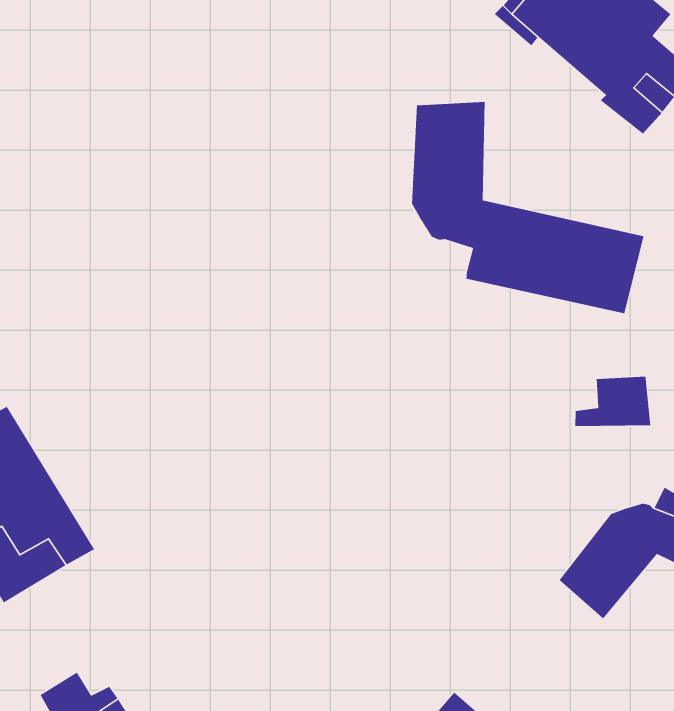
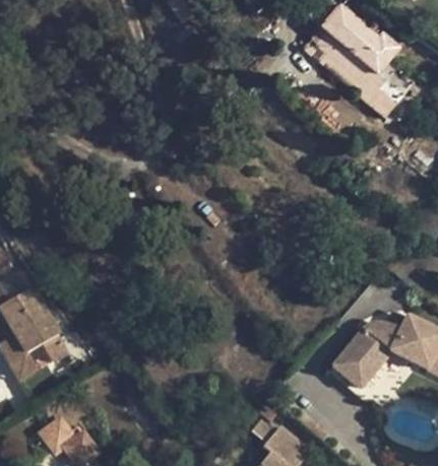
building: [411,101,645,314] -> none
building: [574,376,651,427] -> none

